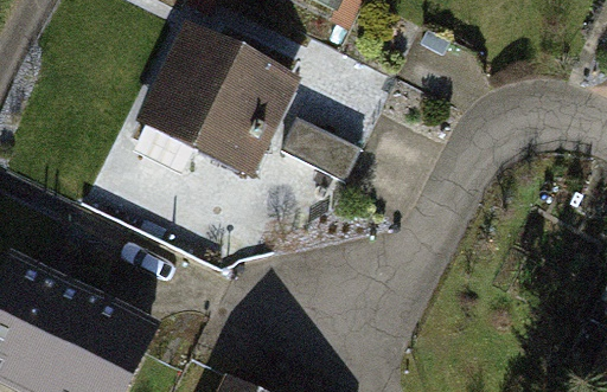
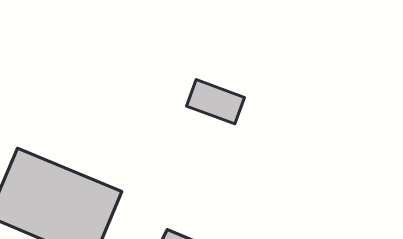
building: [141,28,287,168] -> none

